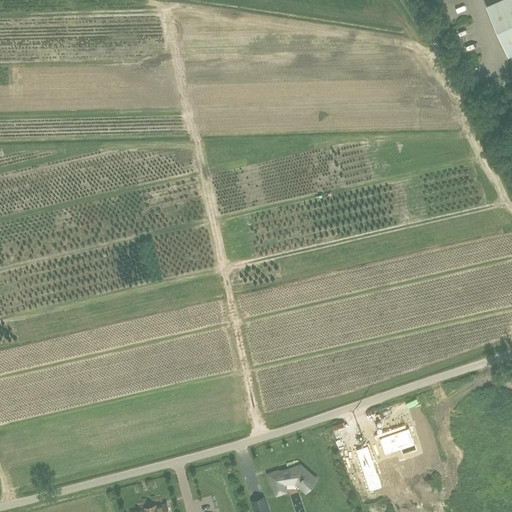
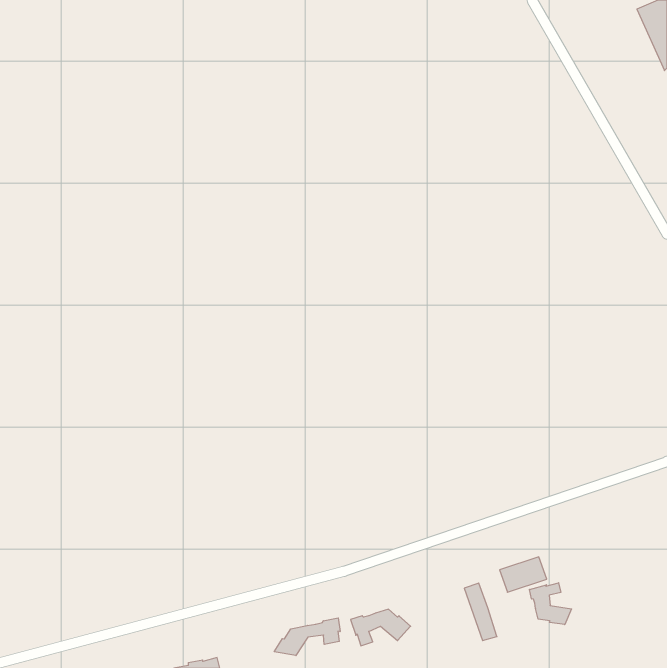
building: none -> [529,583,572,625]
building: none -> [274,618,340,656]

